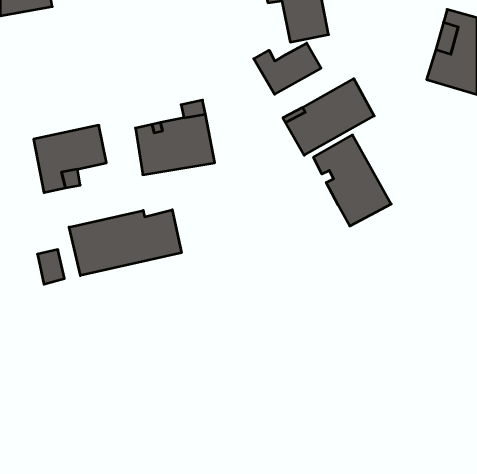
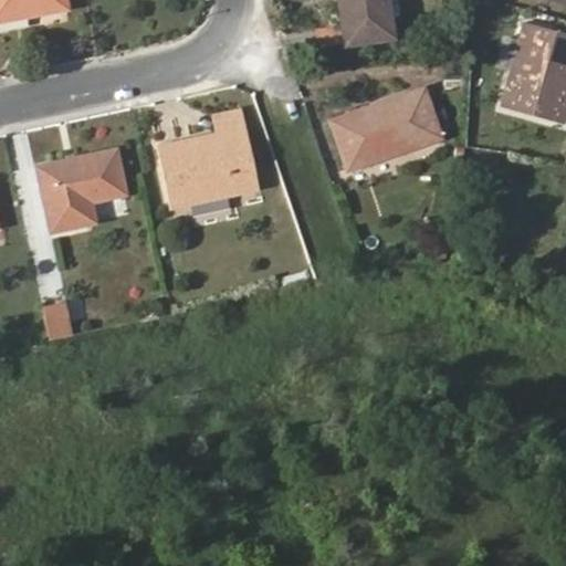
building: [254,43,321,94] -> none
building: [314,135,391,226] -> none
building: [69,210,181,276] -> none

